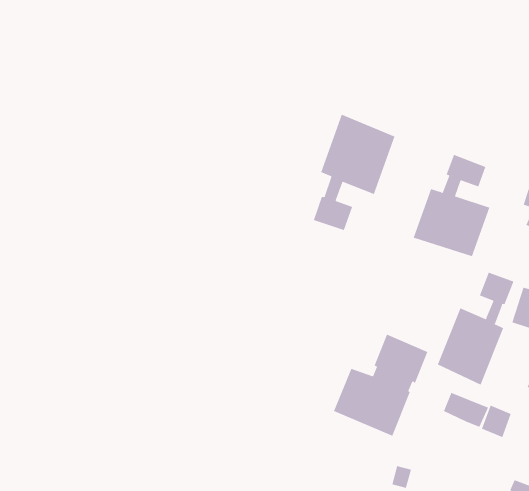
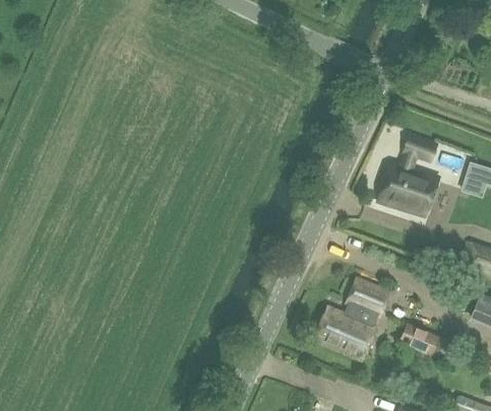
building: [313,114,395,231] -> none
building: [437,272,514,385] -> none

